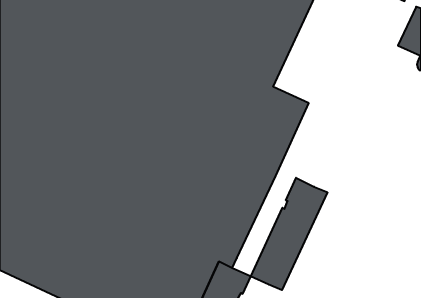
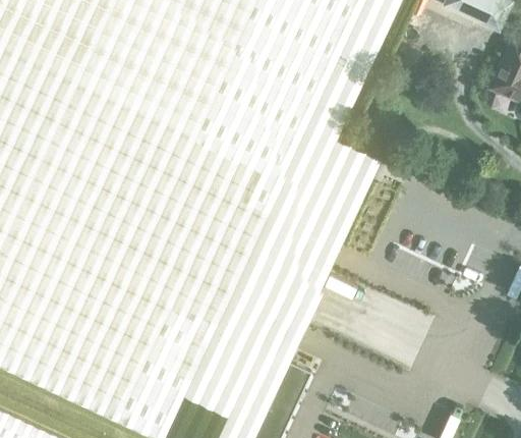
building: [251,178,327,290] -> none

